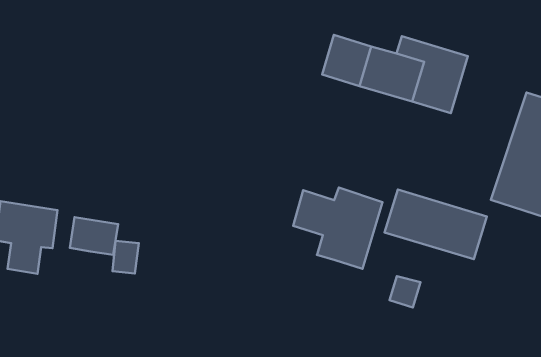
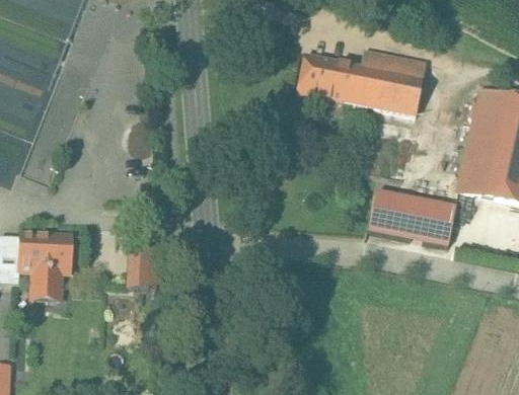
building: [293,187,383,269] -> none
building: [70,217,118,255] -> none
building: [389,276,421,307] -> none

